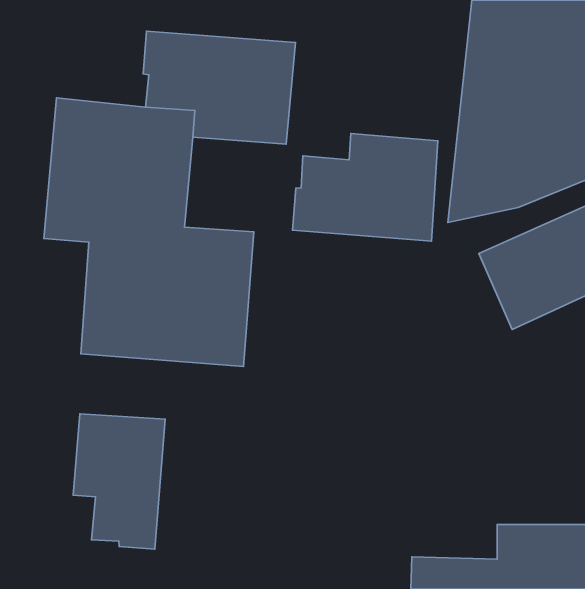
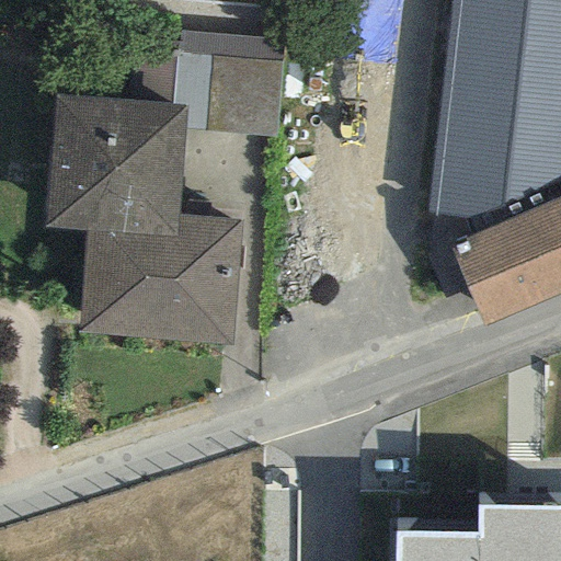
building: [293,134,438,241] -> none
building: [73,414,165,549] -> none

